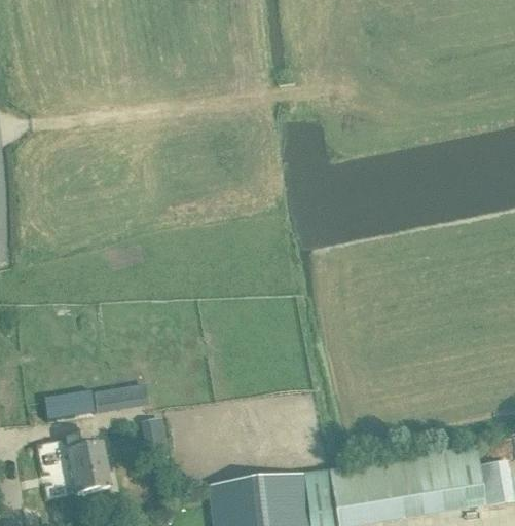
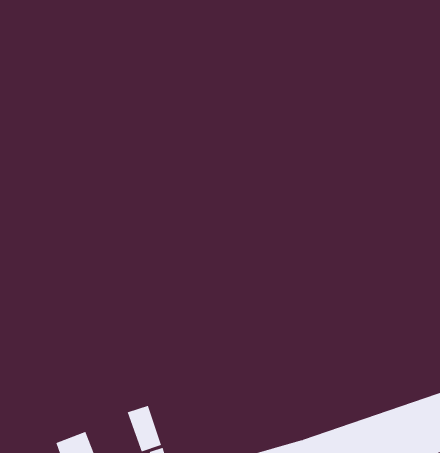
building: [93,385,148,414] -> none
building: [42,393,76,420] -> none

